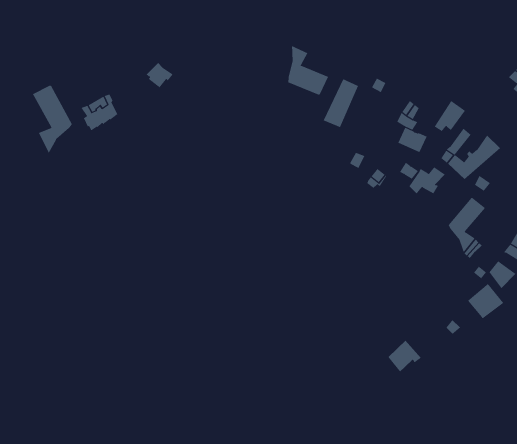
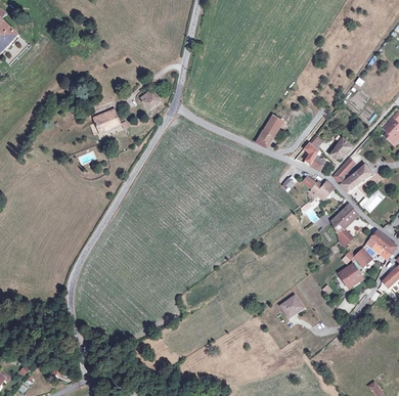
building: [288,45,329,96] -> none
building: [32,85,73,154] -> none

